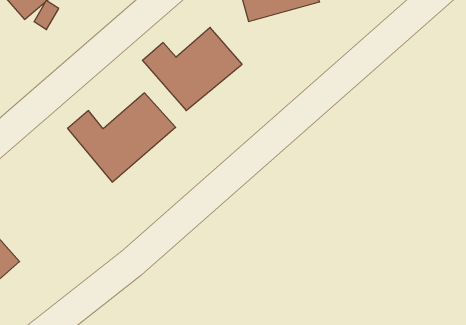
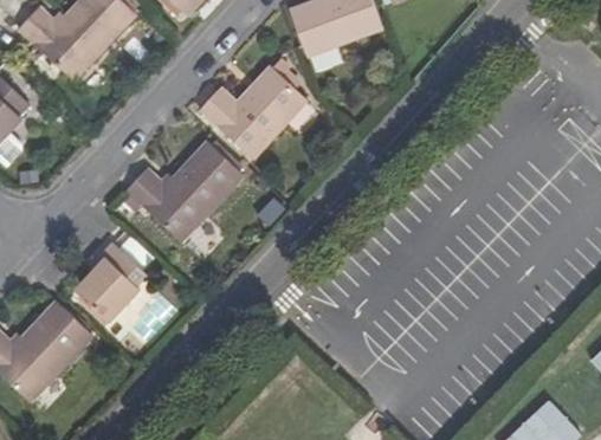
building: none -> [75,245,143,323]

